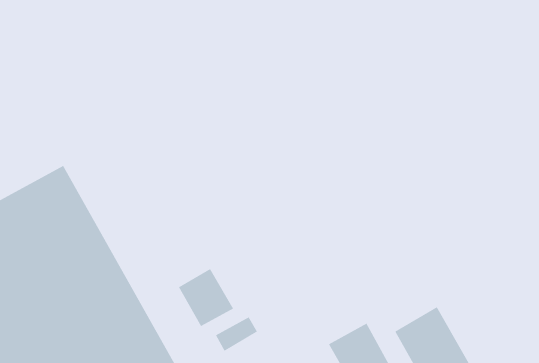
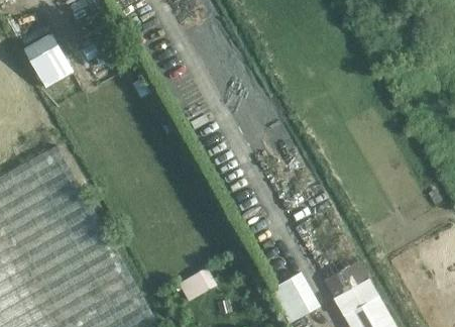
building: none -> [26,34,73,87]
building: [178,268,234,327] -> none

